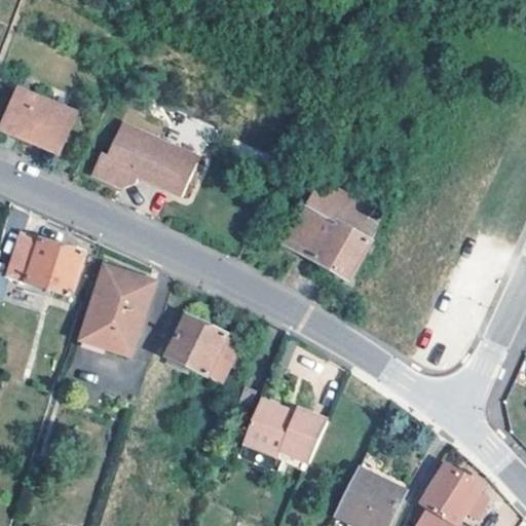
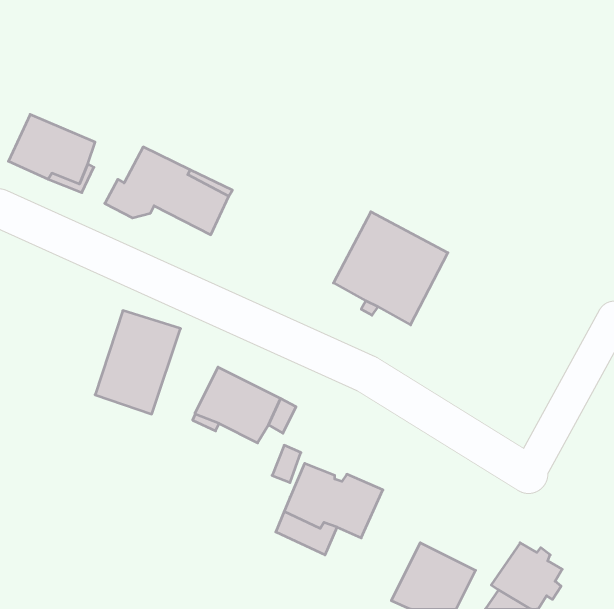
building: [8,232,83,292] -> none

